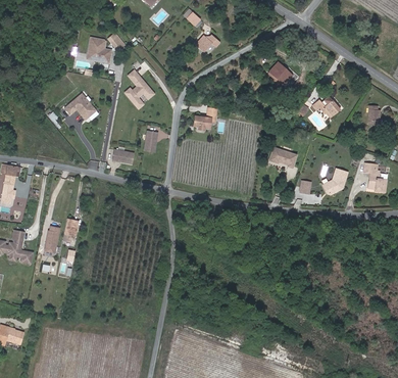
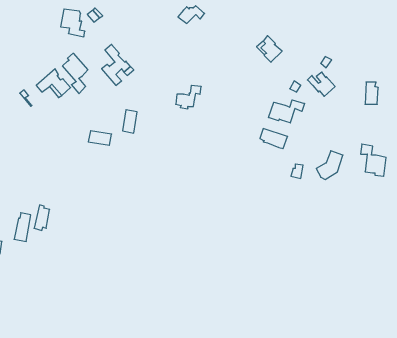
building: none -> [63,53,88,94]
building: none -> [269,100,305,123]

